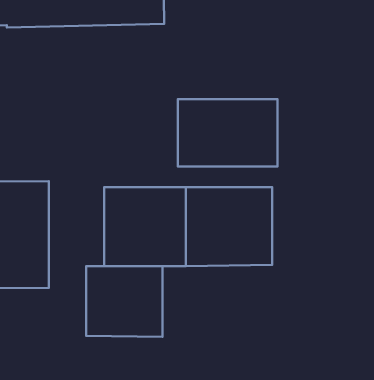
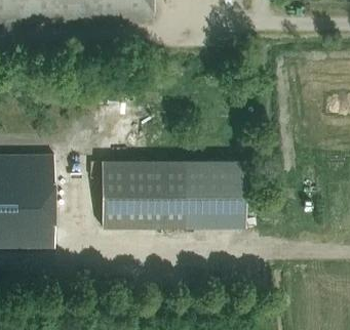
building: [178,99,278,166] -> none
building: [86,266,162,337] -> none

